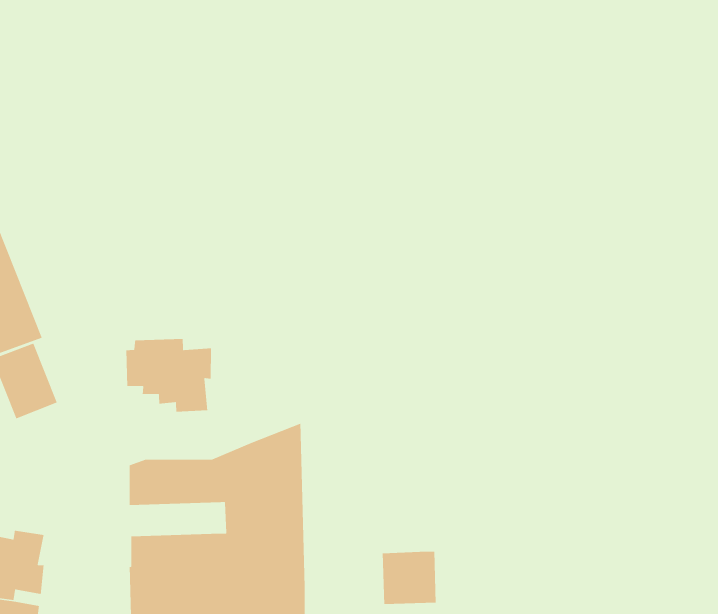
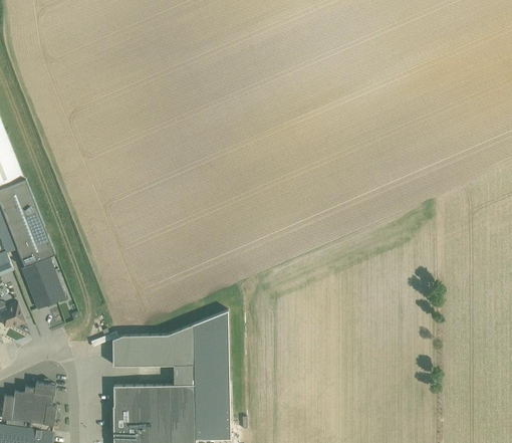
building: [125,338,212,412] -> none
building: [382,551,436,605] -> none

